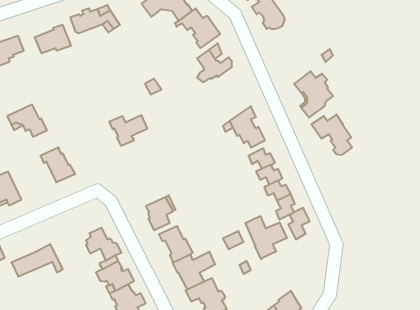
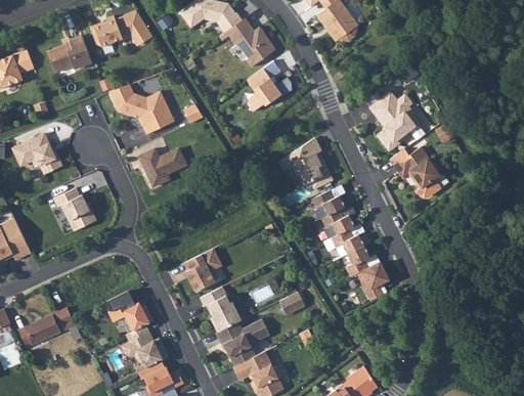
building: none -> [108,85,174,134]
building: [245,216,287,259] -> none

